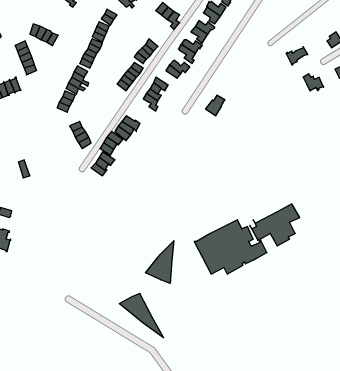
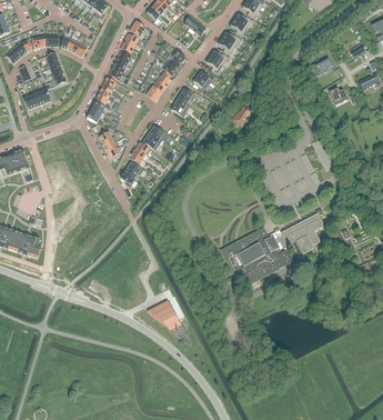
building: [146,241,174,283] -> none

